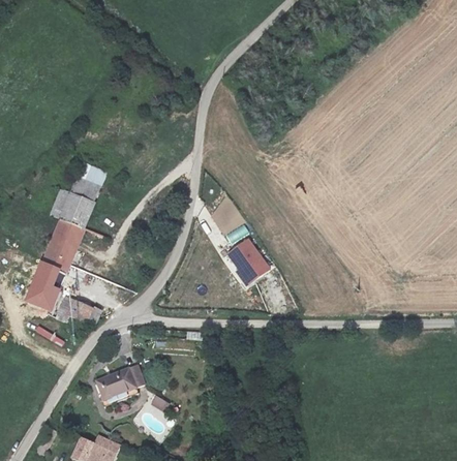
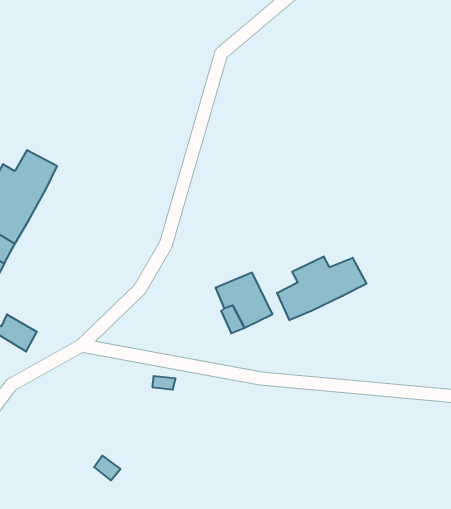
building: none -> [277,256,366,320]
building: [100,367,147,410] -> none

